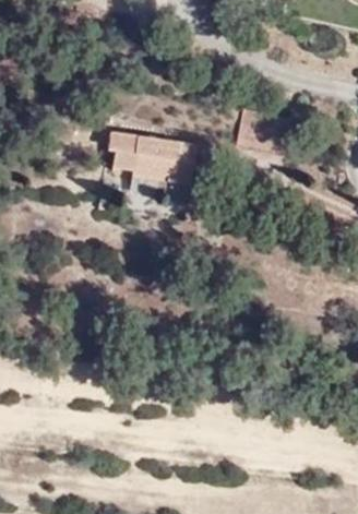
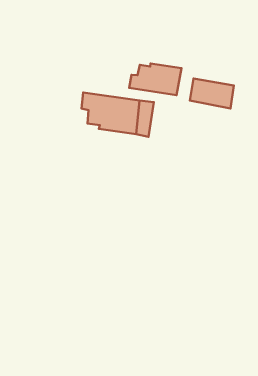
building: none -> [129,63,182,95]

